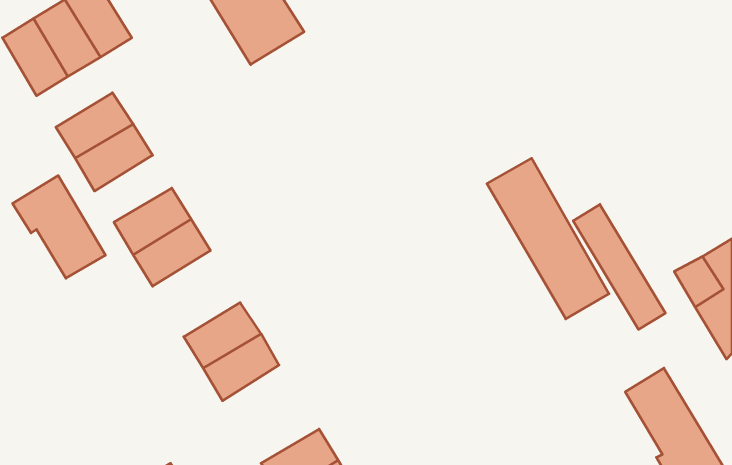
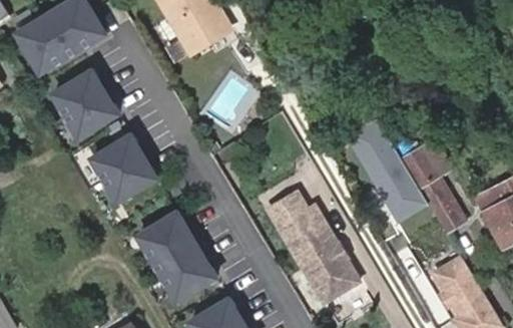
building: [13,176,105,278] -> none
building: none -> [269,197,354,300]
building: none -> [165,256,217,301]

